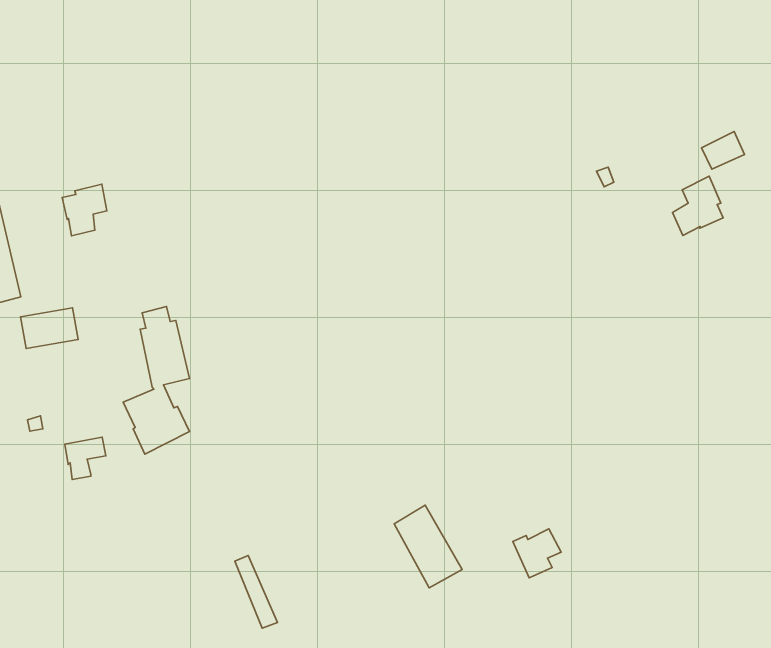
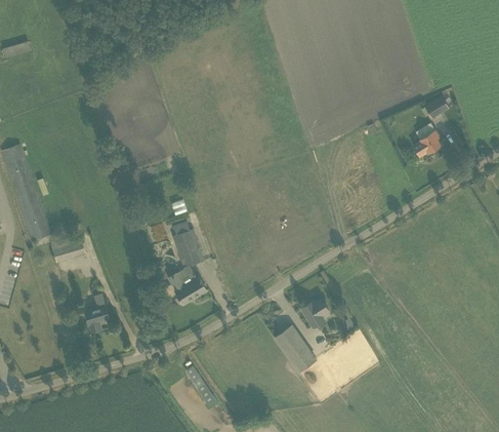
building: [62,184,107,236] -> none
building: [123,307,190,454] -> [167,221,206,305]
building: [513,529,561,578] -> [300,298,328,326]

